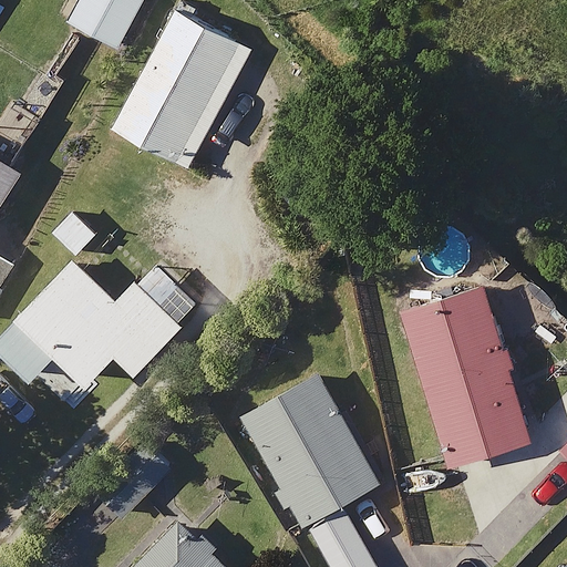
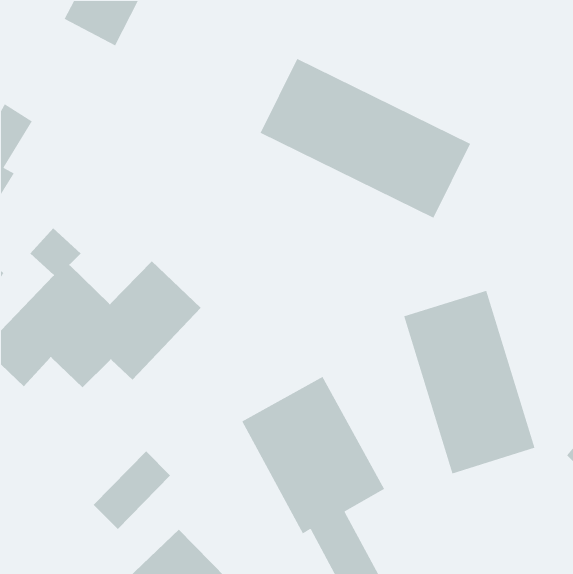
building: [113,16,246,168] -> none
building: none -> [259,58,471,219]

